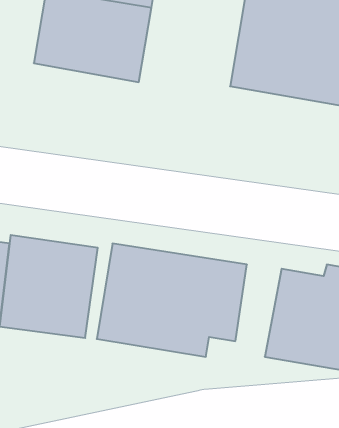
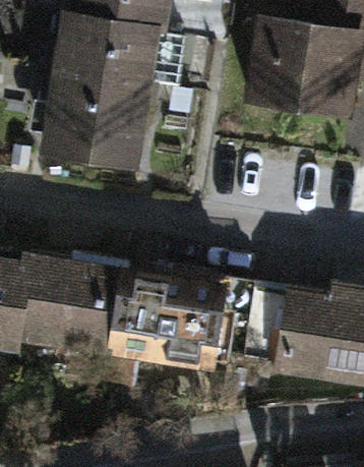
building: none -> [38,84,153,174]

